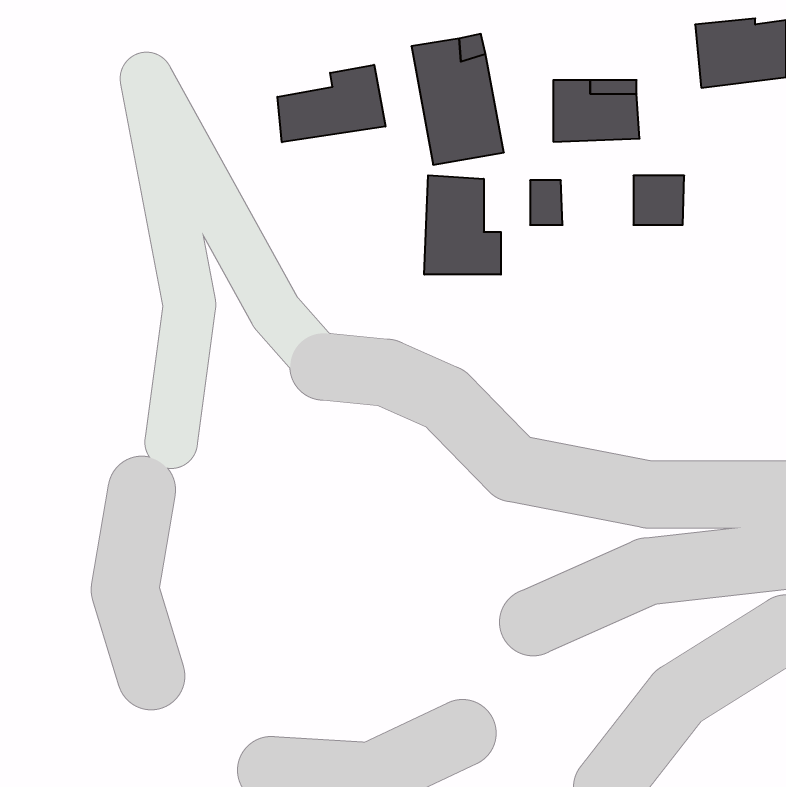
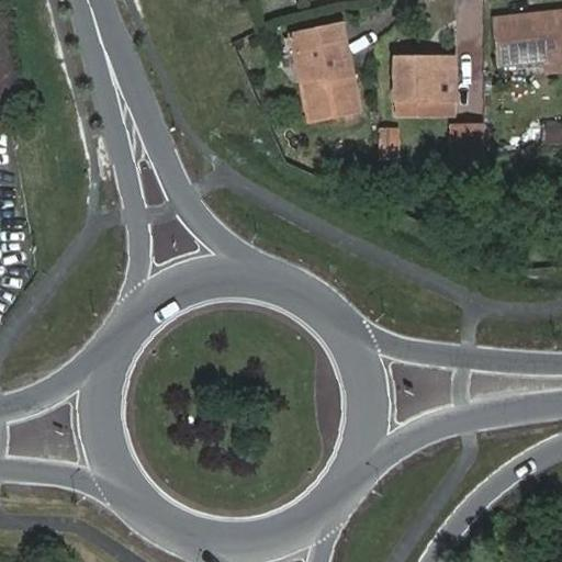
building: [277,65,385,142] -> none
building: [424,175,501,275] -> none

